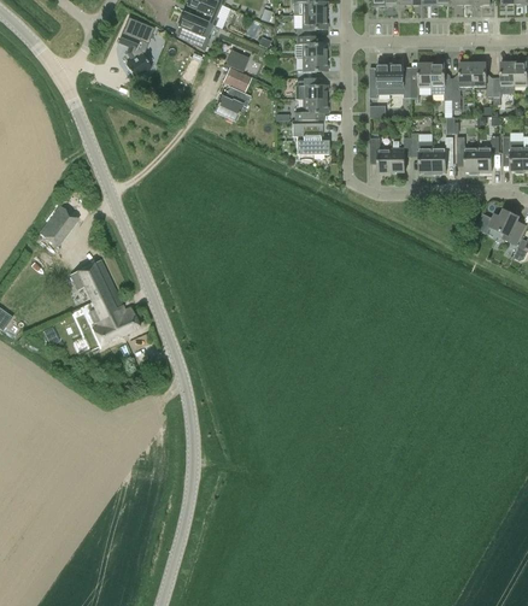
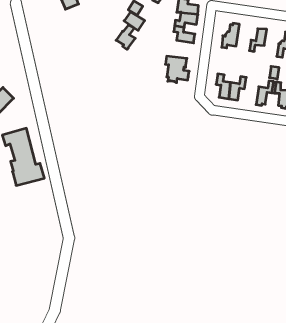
building: [391,60,411,96] -> none
building: [432,61,452,99] -> none
building: [295,98,328,119] -> none
building: [412,136,433,173] -> none

